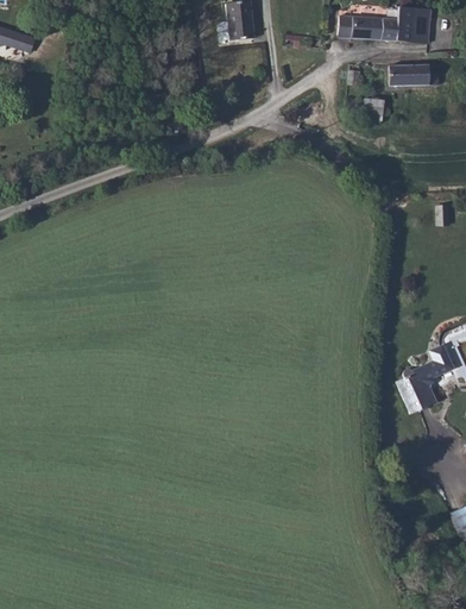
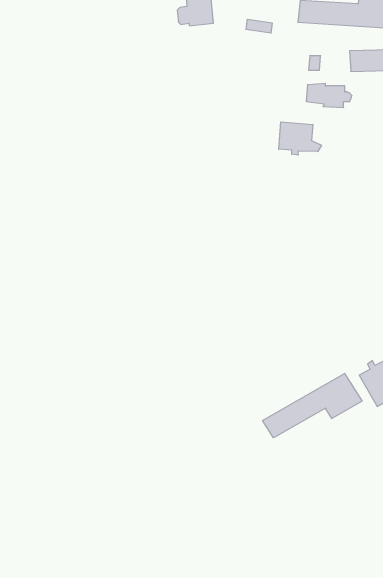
building: none -> [279,122,322,155]
building: none -> [263,373,362,438]

